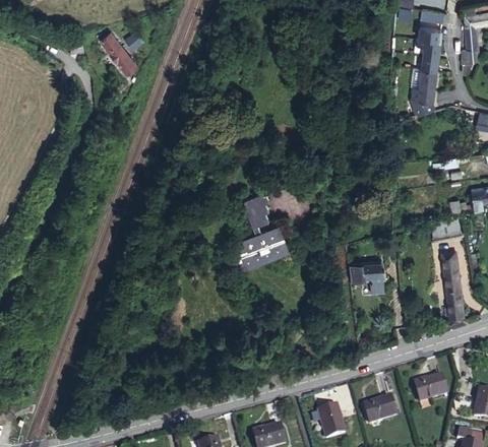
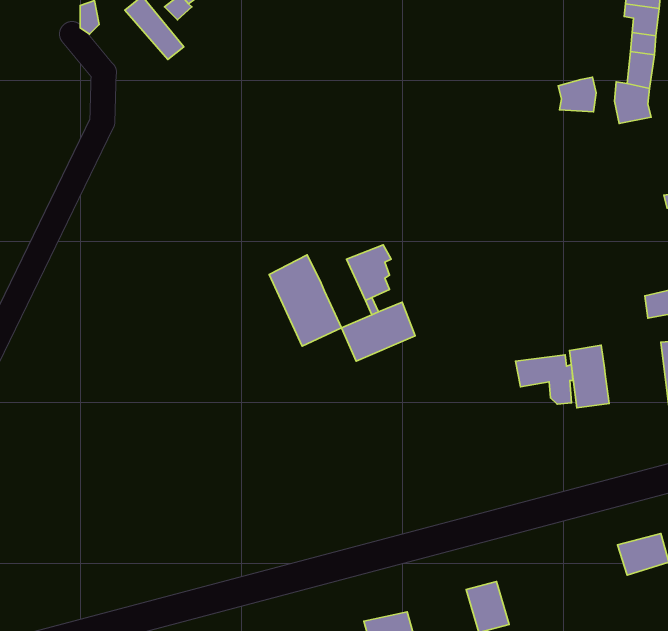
building: none -> [558,77,596,112]
building: none -> [269,255,342,346]
building: none -> [570,345,609,408]
building: [363,396,395,423] -> none

